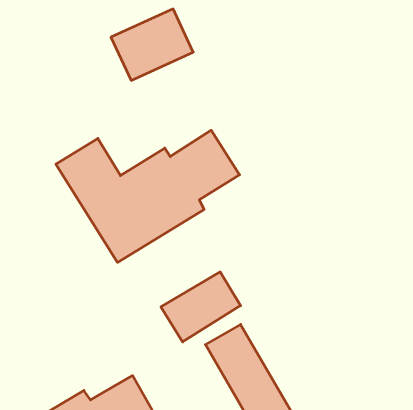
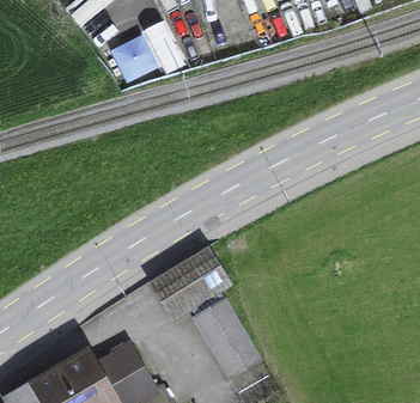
building: [56,130,240,262] -> none

